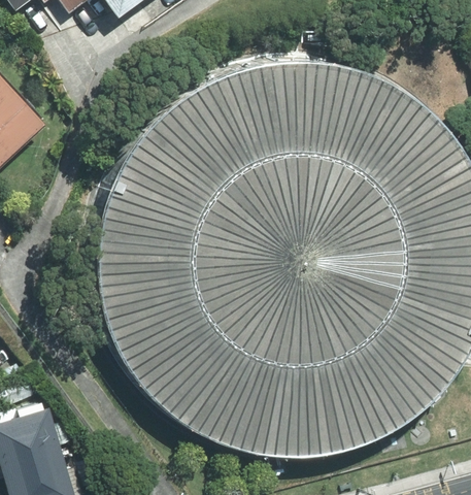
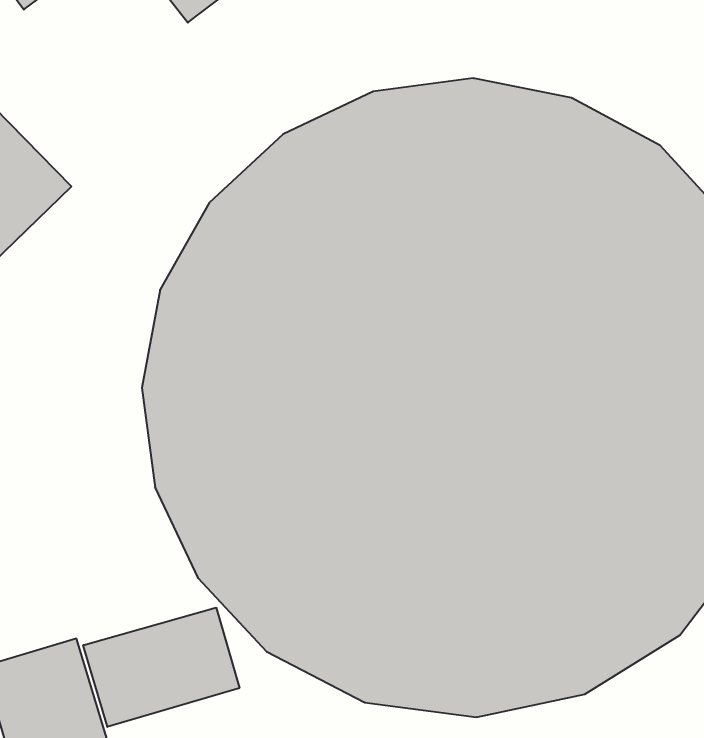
building: none -> [83,608,239,727]

